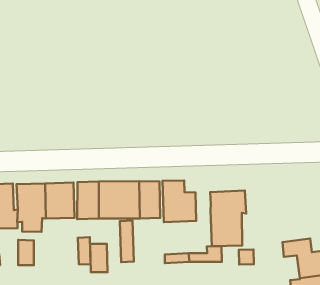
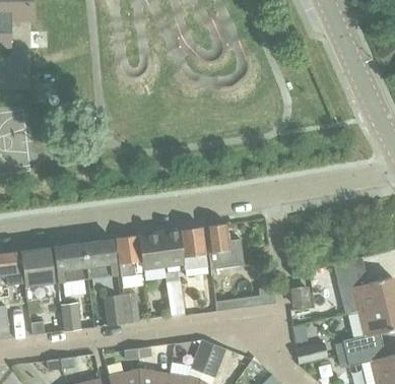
building: [210,191,246,246] -> none
building: [90,244,107,272] -> [104,294,125,325]

